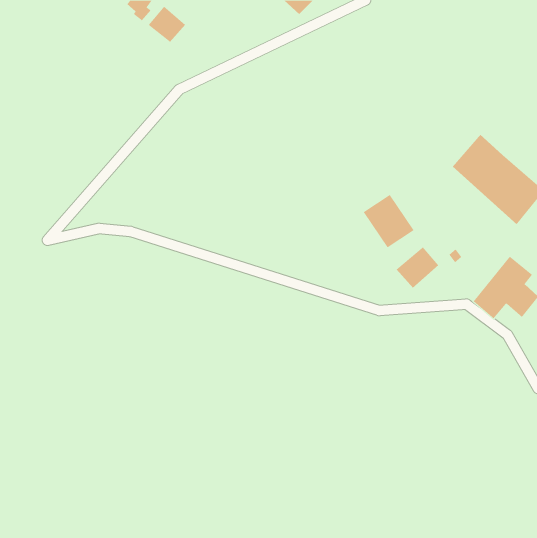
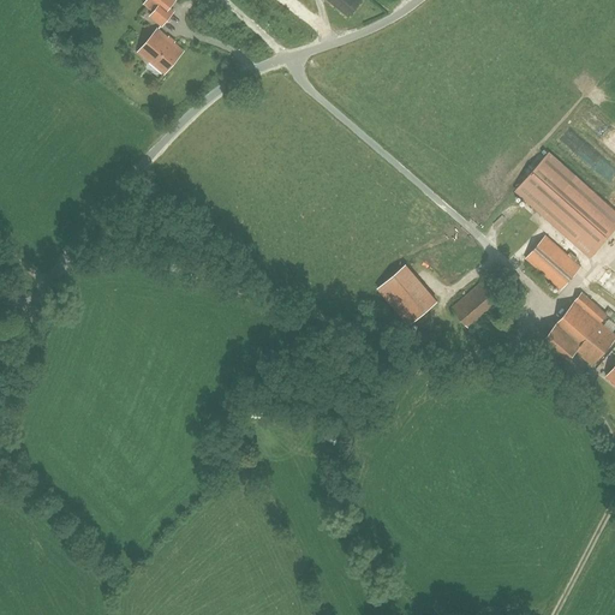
building: [148,6,186,43] -> [141,30,184,72]
building: [363,194,414,248] -> [372,262,431,323]
building: none -> [526,237,581,289]

